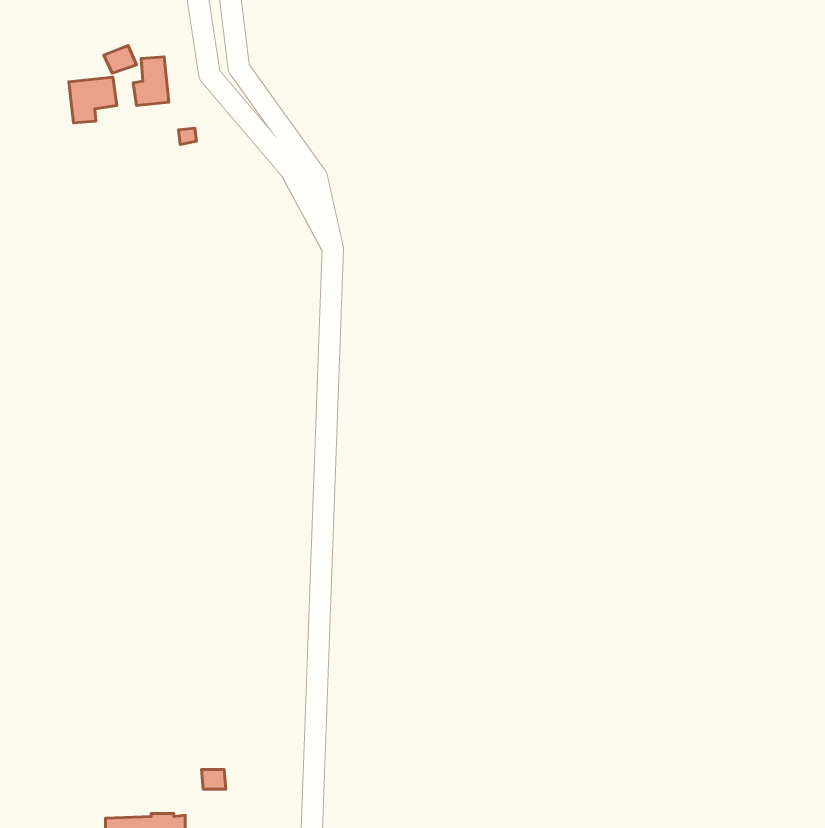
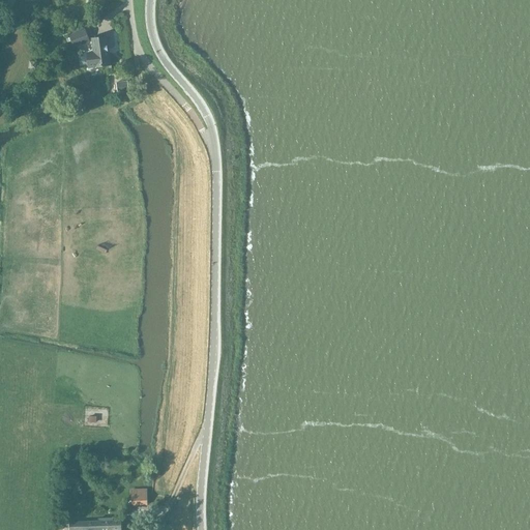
building: [69,77,117,123] -> none

